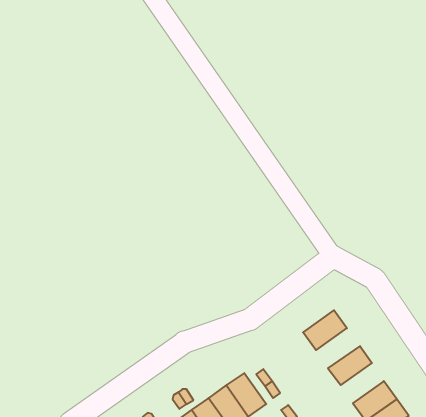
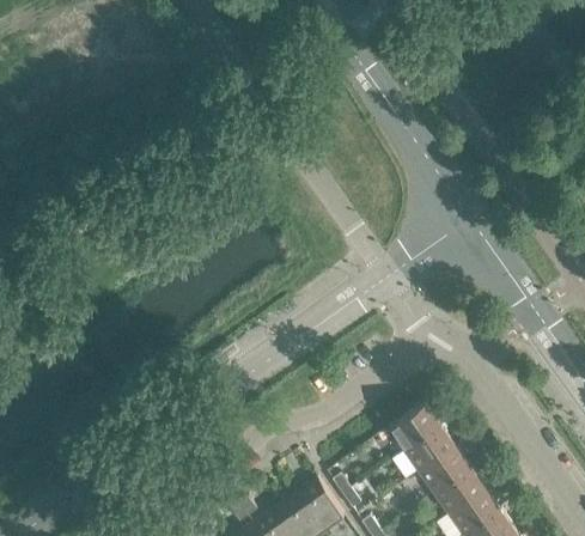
building: none -> [404,427,457,475]
building: none -> [434,469,486,517]

